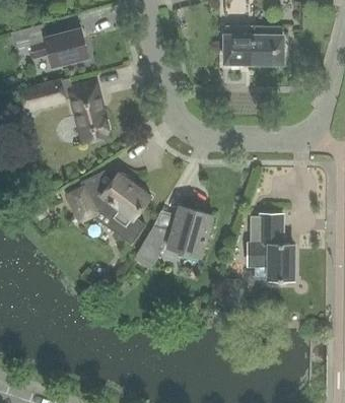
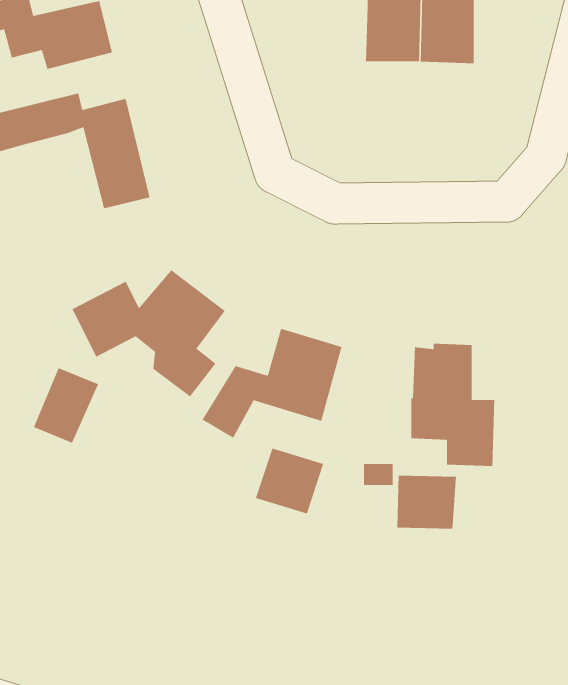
building: none -> [33,367,99,444]
building: none -> [255,448,324,515]
building: none -> [396,475,457,529]

